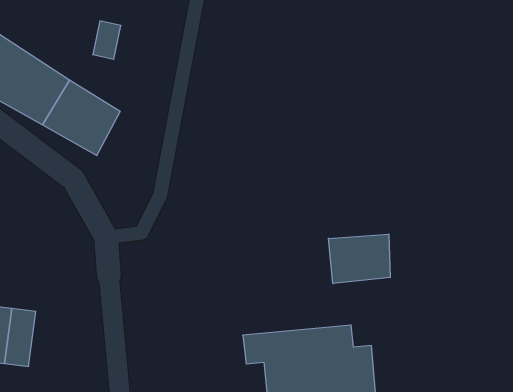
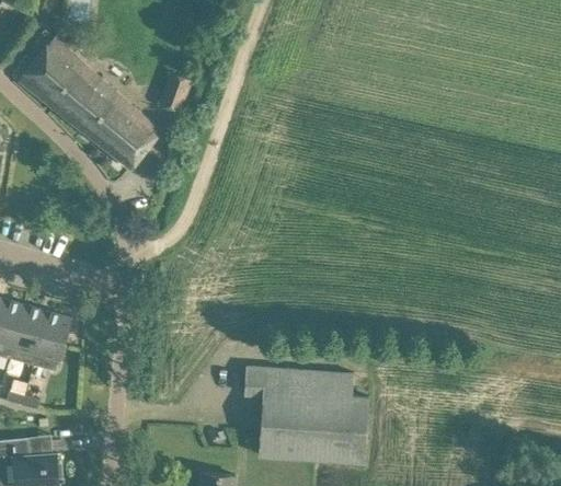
building: [93,21,121,59] -> [159,73,191,113]
building: [329,234,390,284] -> none
building: none -> [32,312,71,371]

